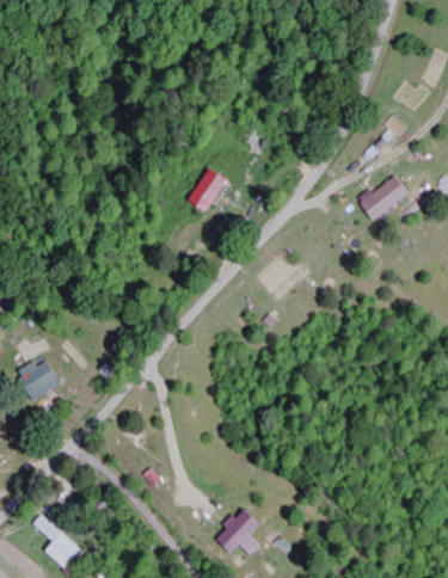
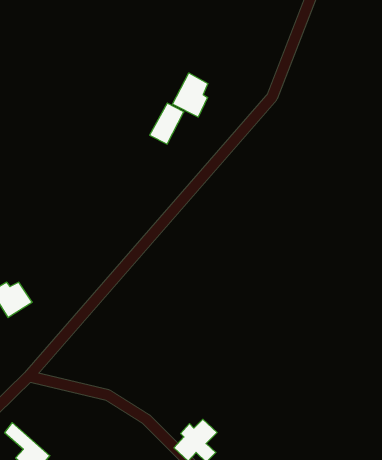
building: none -> [173,73,208,117]
building: [357,176,411,222] -> none

